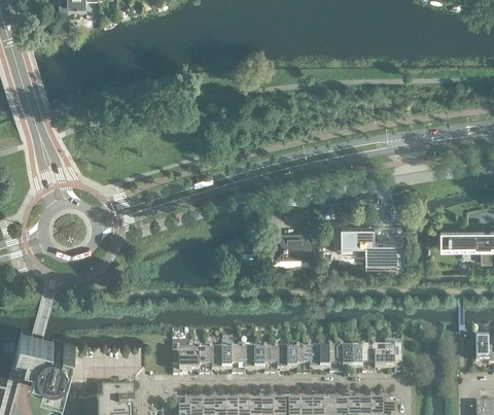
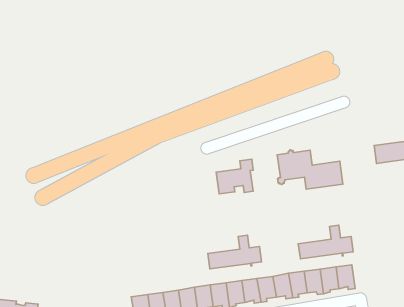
building: none -> [208,235,262,269]
building: none -> [298,225,353,259]

